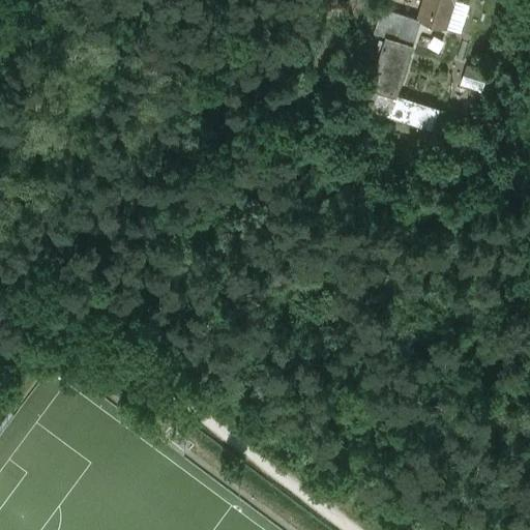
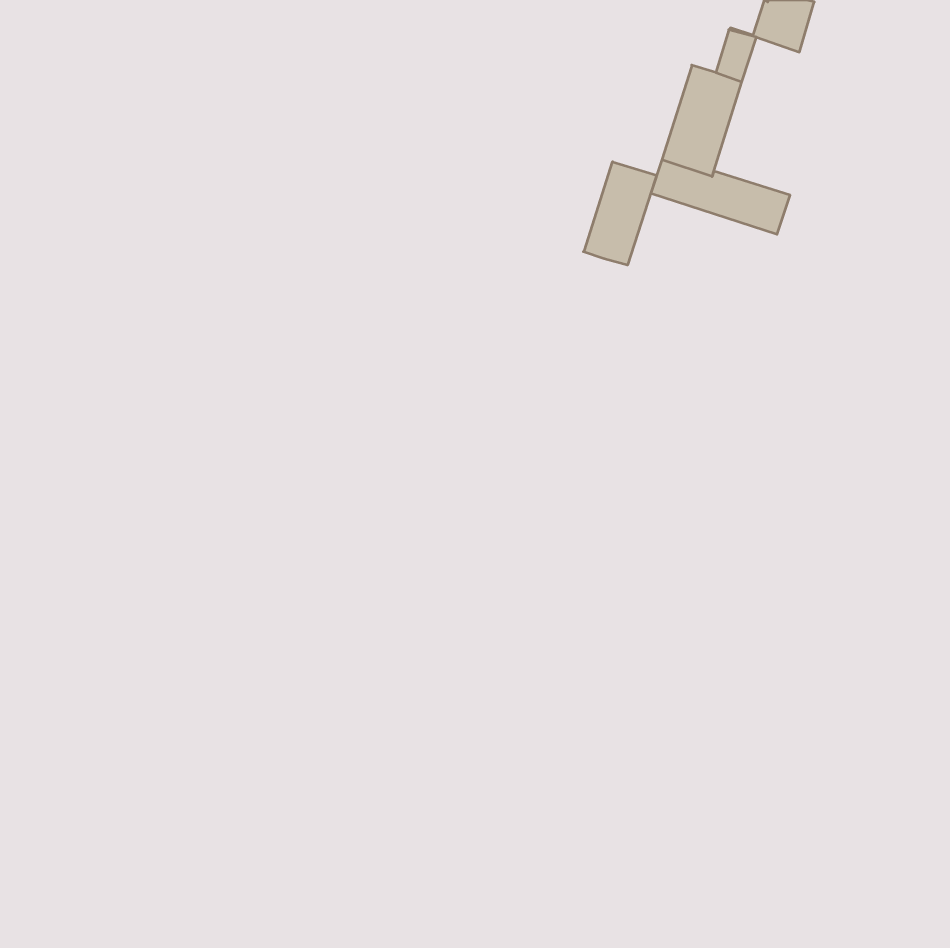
building: [374,9,407,41] -> none
building: none -> [583,162,657,265]

